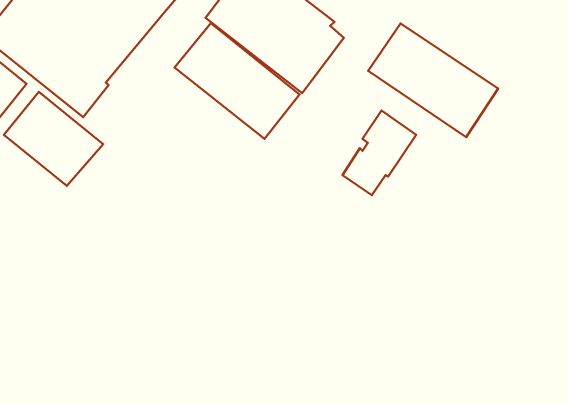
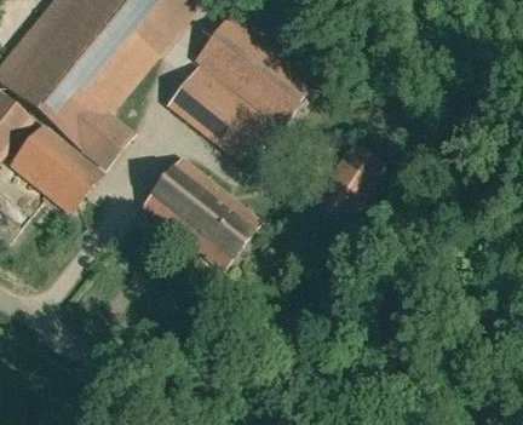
building: [368,23,498,137] -> none
building: none -> [84,120,126,165]
building: none -> [144,159,260,268]

